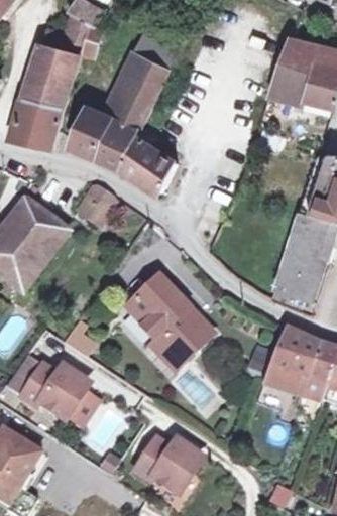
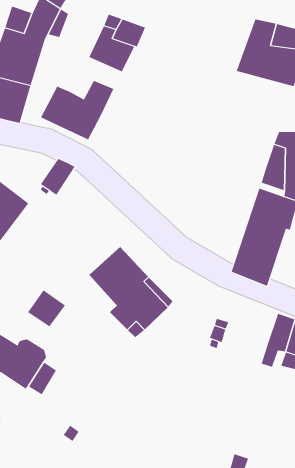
building: [106,80,158,122] -> none
building: [124,139,174,190] -> none
building: [259,326,317,392] -> none
building: [130,437,195,492] -> none

